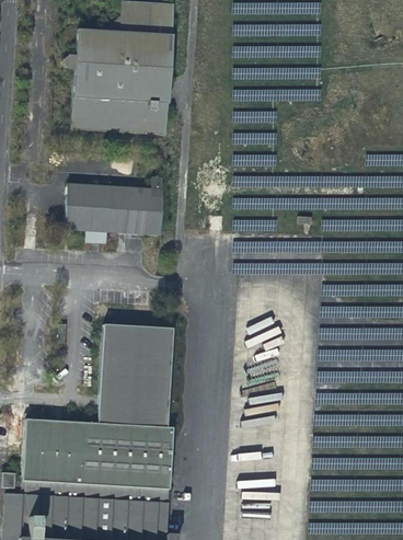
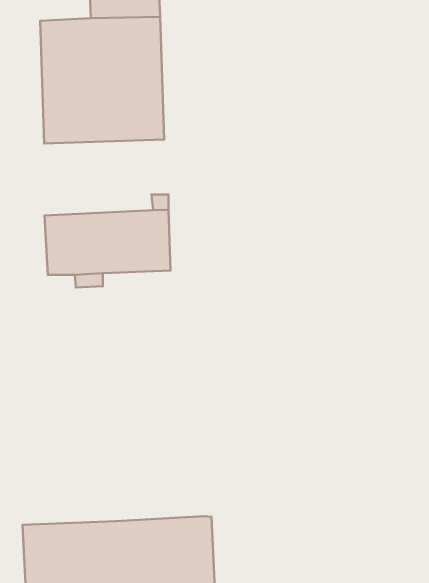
building: [97,325,172,427] -> none

